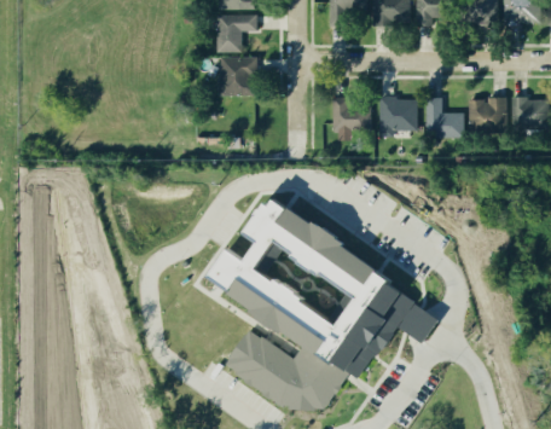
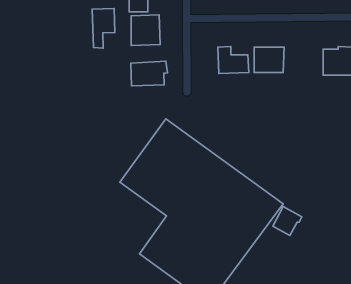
building: none -> [92,9,115,48]
building: [425,98,464,138] -> none
building: none -> [131,61,167,86]

